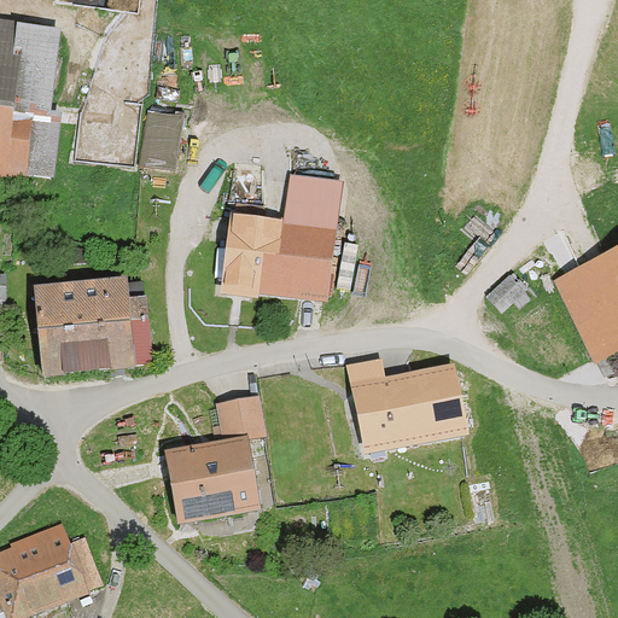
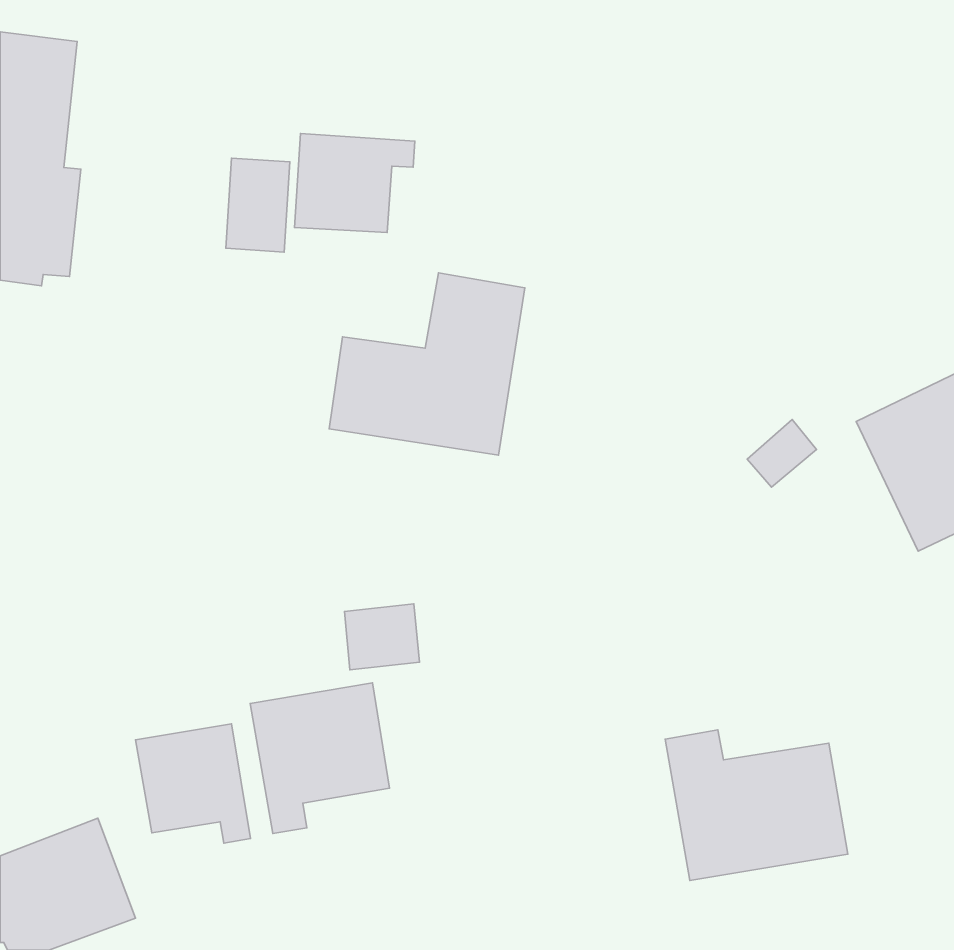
building: none -> [295,134,415,233]
building: [25,280,145,372] -> none
building: [348,356,465,453] -> [665,730,848,880]
building: none -> [136,724,251,843]

